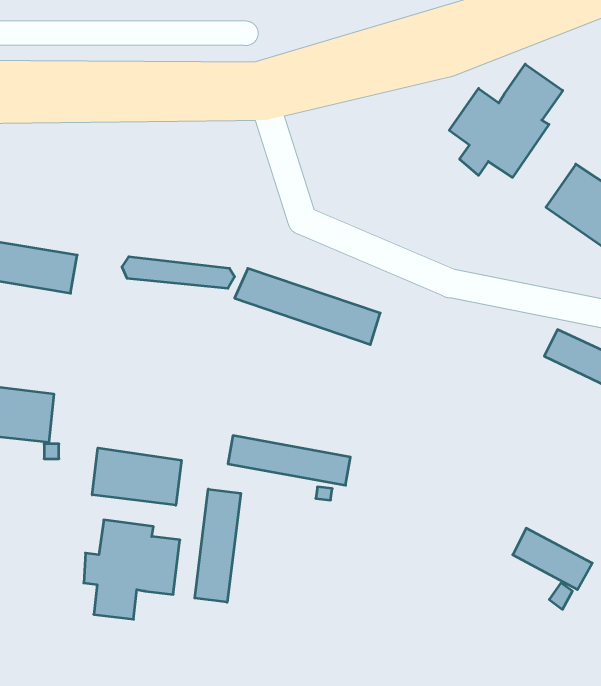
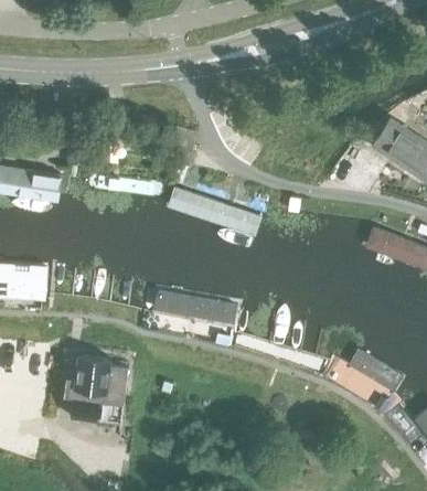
building: [449,64,563,177] -> none
building: [92,448,181,505] -> none
building: [195,489,241,602] -> none

